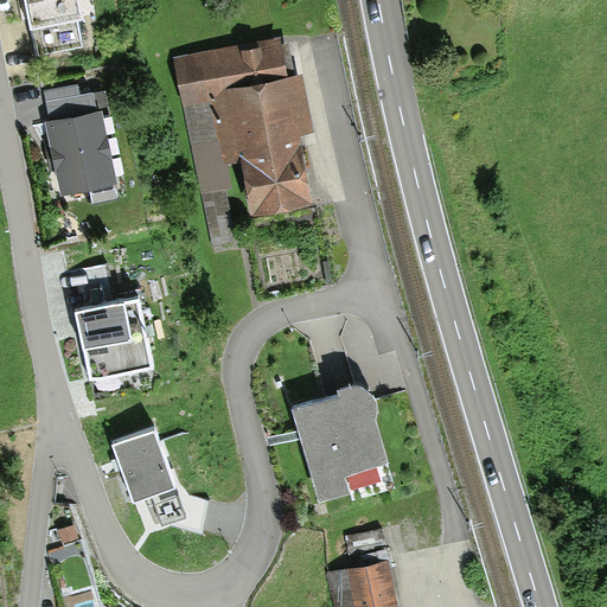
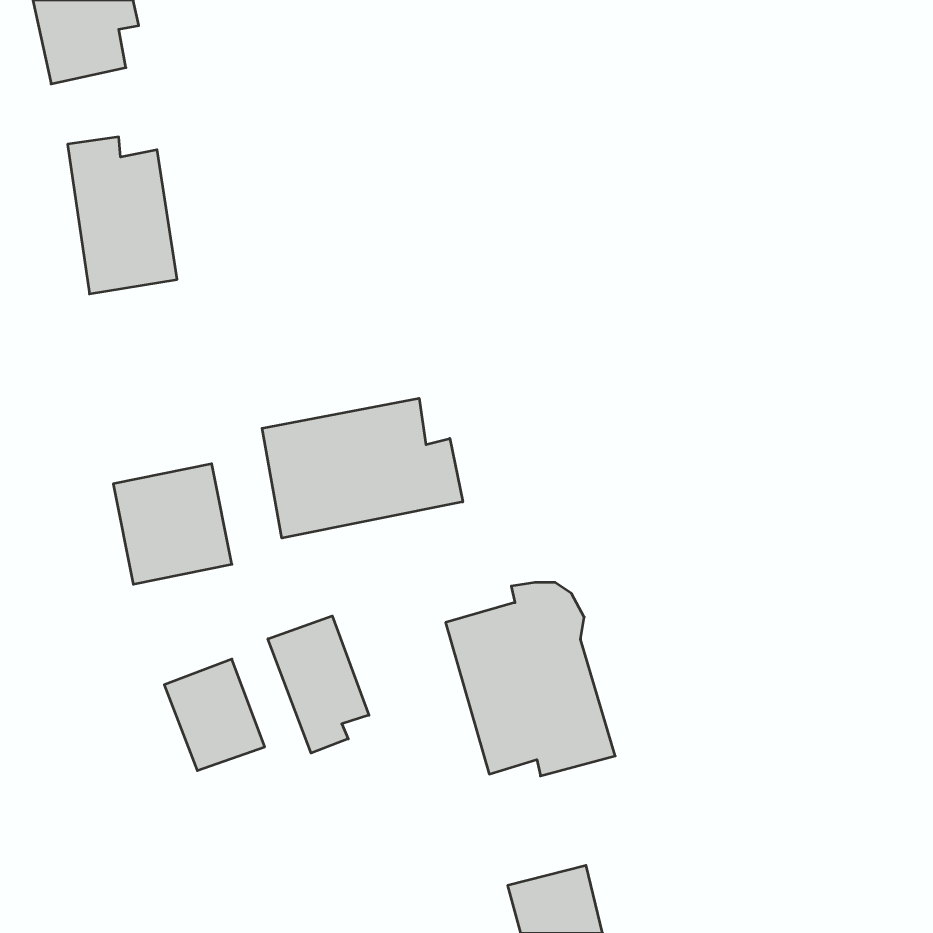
building: [178,39,312,239] -> none
building: none -> [262,398,463,538]
building: none -> [268,616,369,753]

